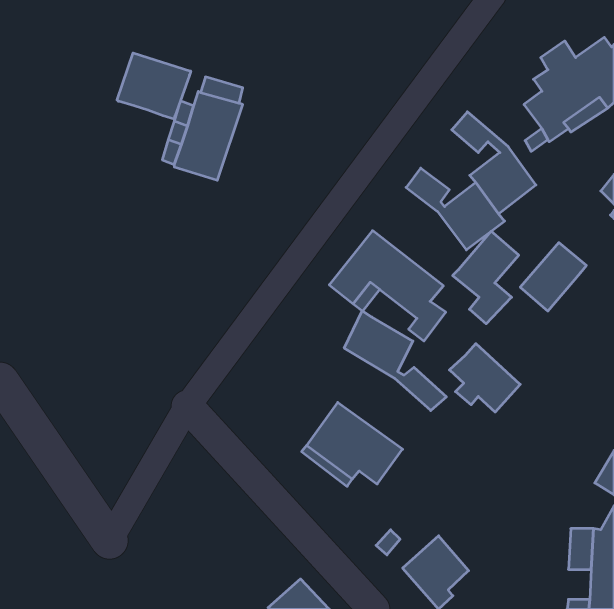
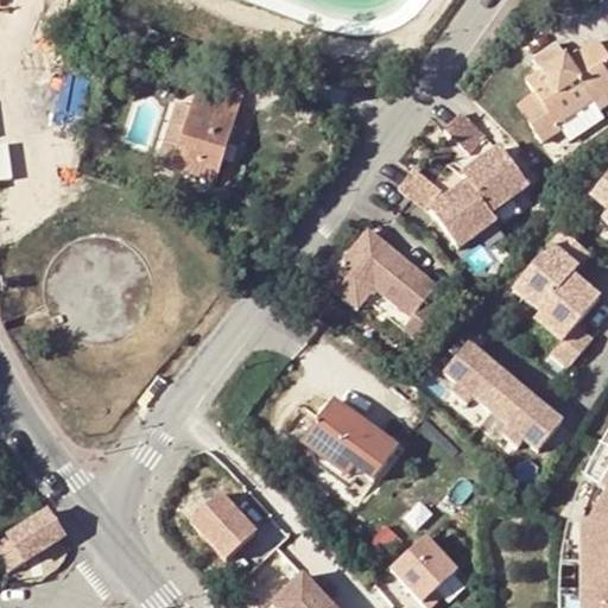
building: [117,53,191,119] -> none
building: [453,231,519,324] -> [536,270,601,361]
building: [344,311,446,411] -> none
building: none -> [489,380,560,448]
building: none -> [191,493,256,559]
building: none -> [7,509,63,568]

